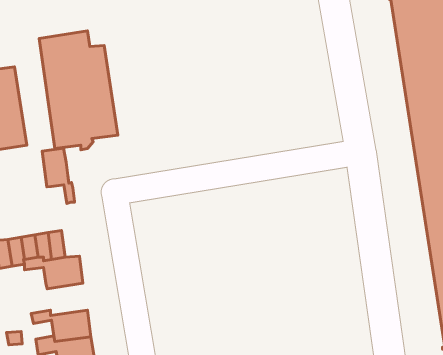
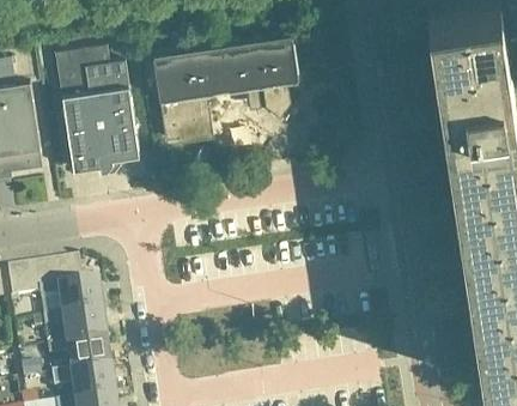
building: none -> [152,35,294,144]
building: [42,148,75,204] -> none
building: none -> [43,317,107,352]

